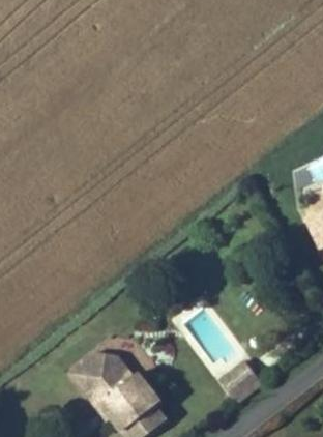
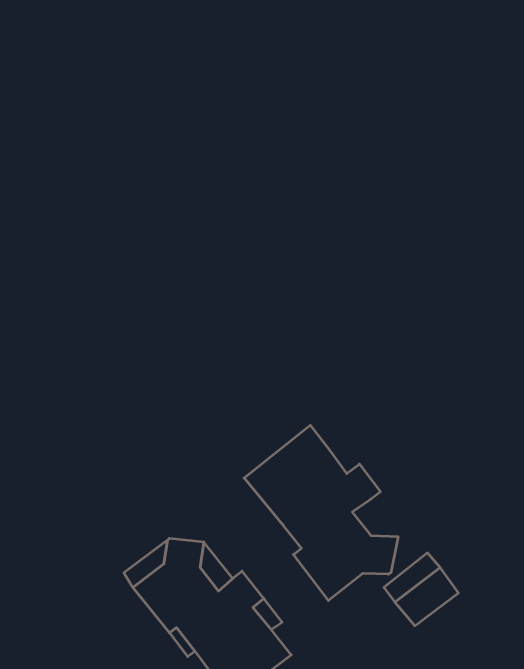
building: none -> [244,425,398,601]

